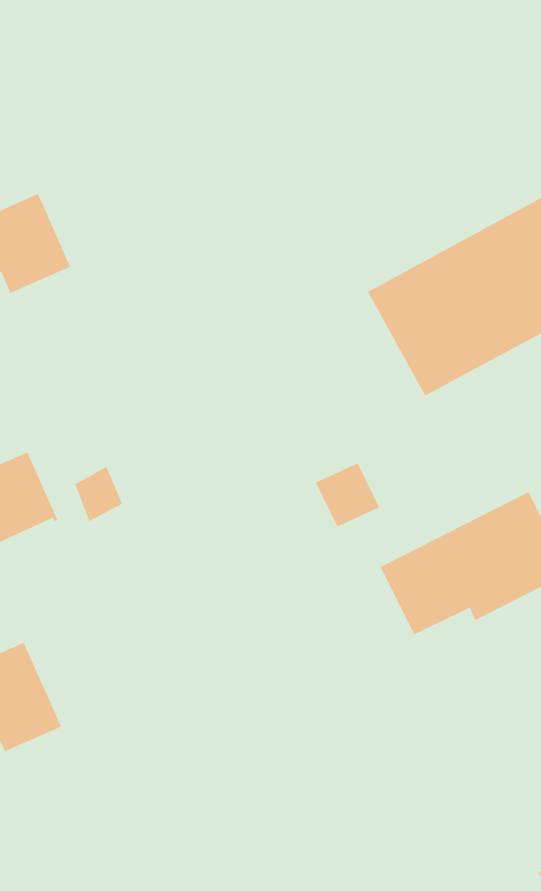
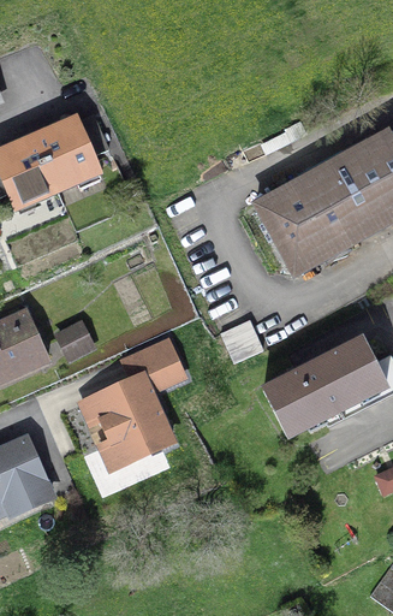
building: none -> [34,116,107,186]
building: none -> [96,339,183,467]

